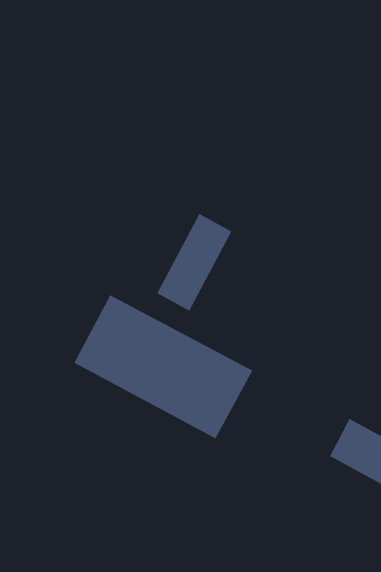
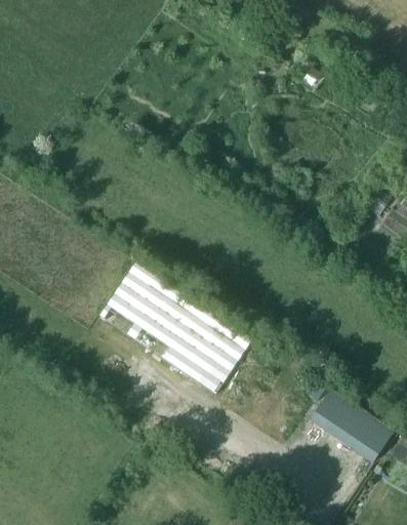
building: [157,213,232,312] -> none

